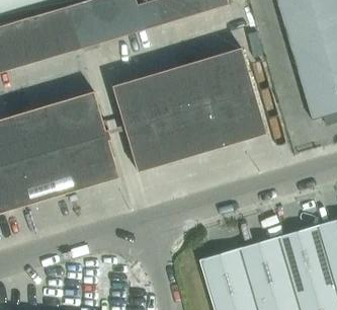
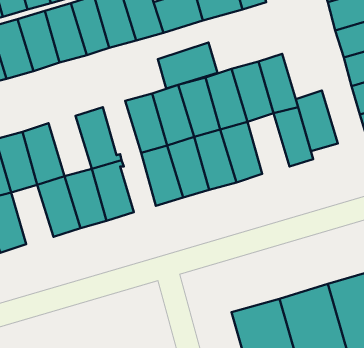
building: none -> [158,43,217,89]
building: [213,96,247,146] -> [296,90,338,151]
building: [50,98,85,148] -> none
building: [19,155,54,204] -> none

